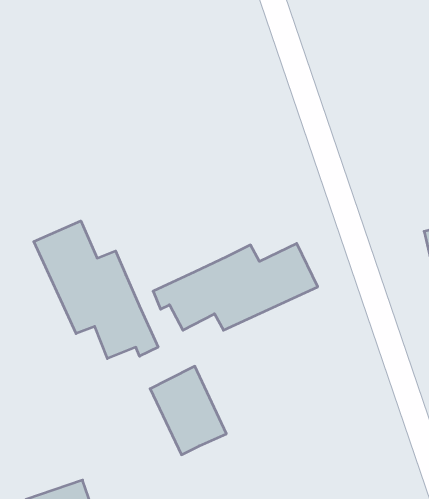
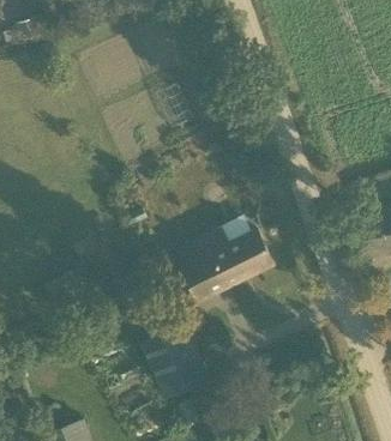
building: [34,221,158,359] -> none

